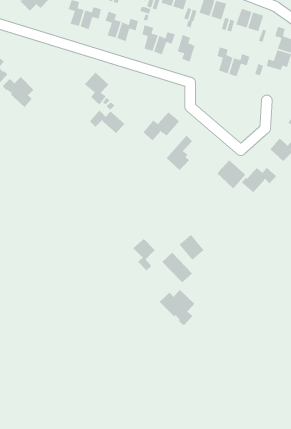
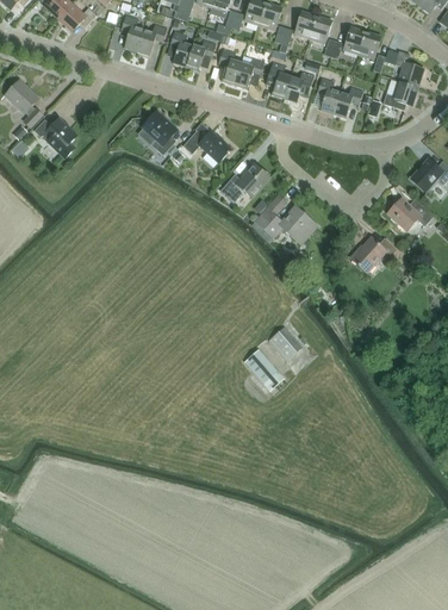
building: none -> [282,70,313,102]
building: [89,110,125,134] -> [182,130,230,162]
building: [216,160,246,189] -> [278,205,317,244]
building: [133,238,155,271] -> none
building: [159,289,195,326] -> none

